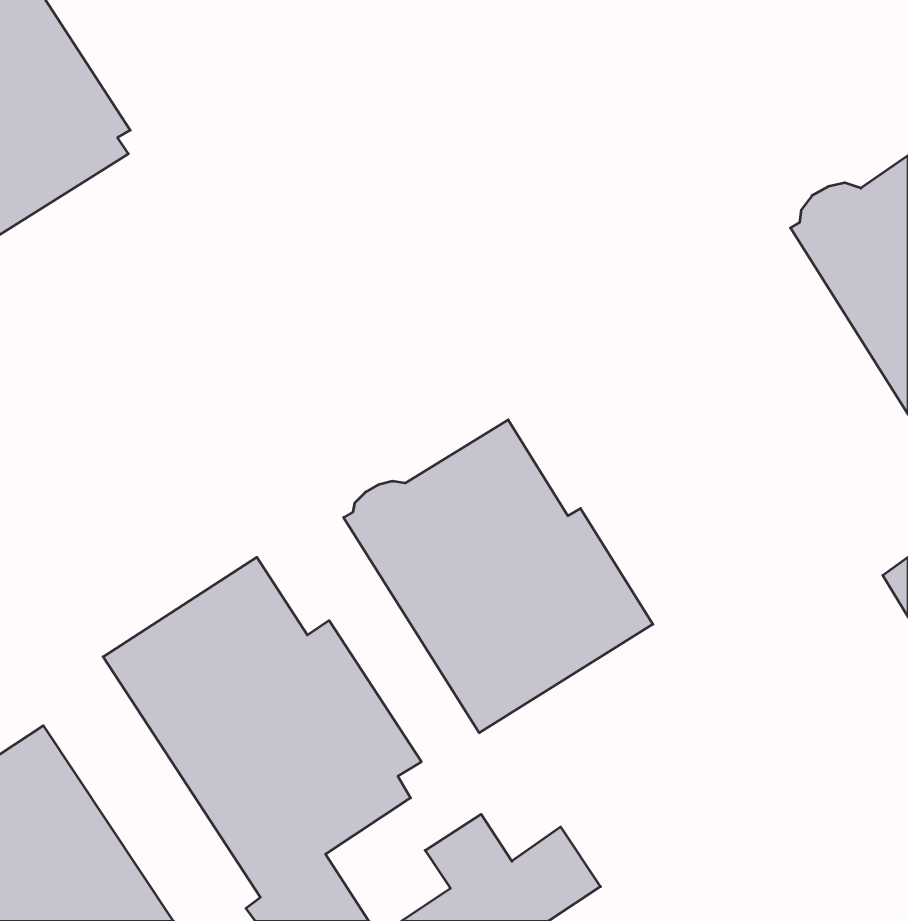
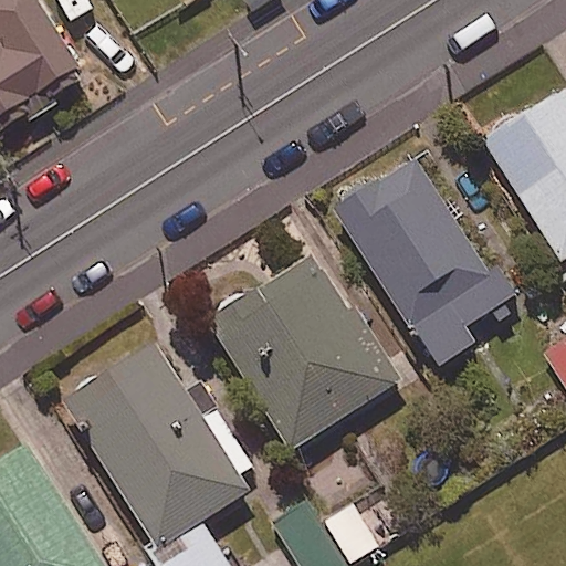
building: none -> [334,156,516,365]

